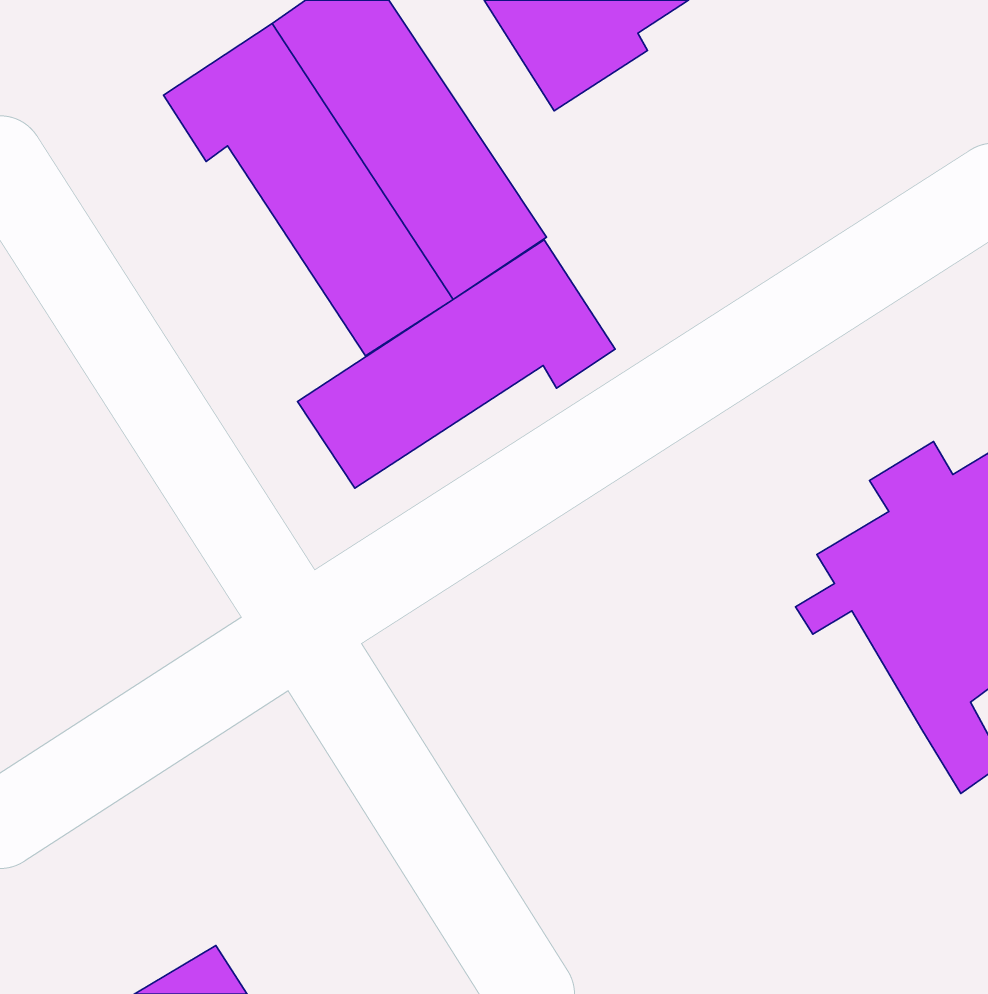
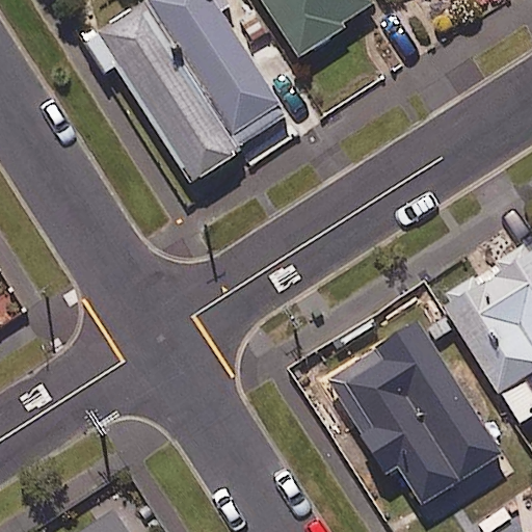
building: [297,240,615,488] -> none
building: none -> [344,314,499,503]

